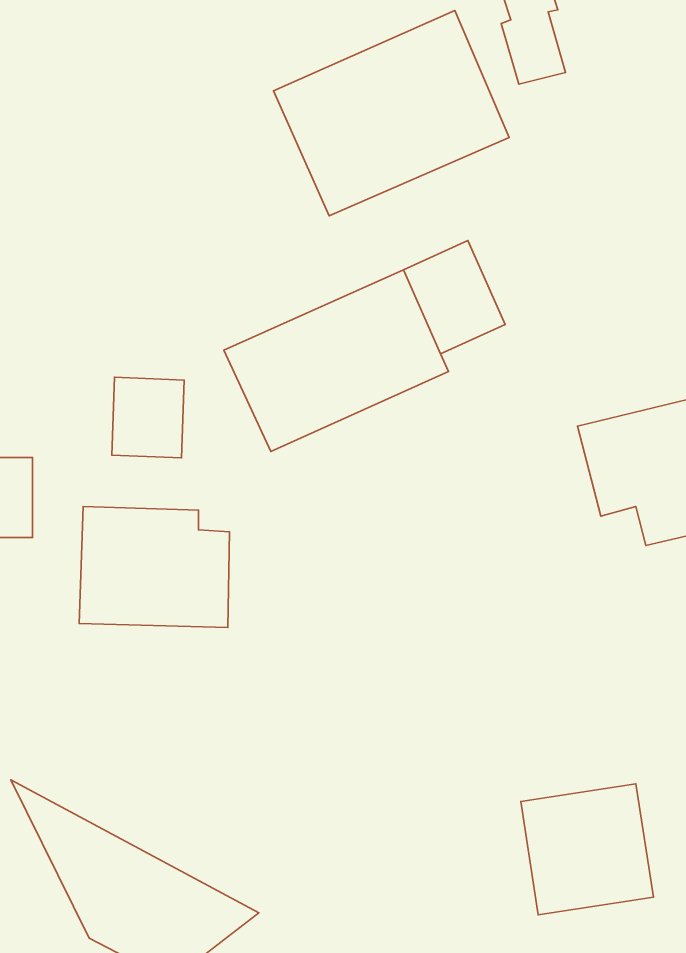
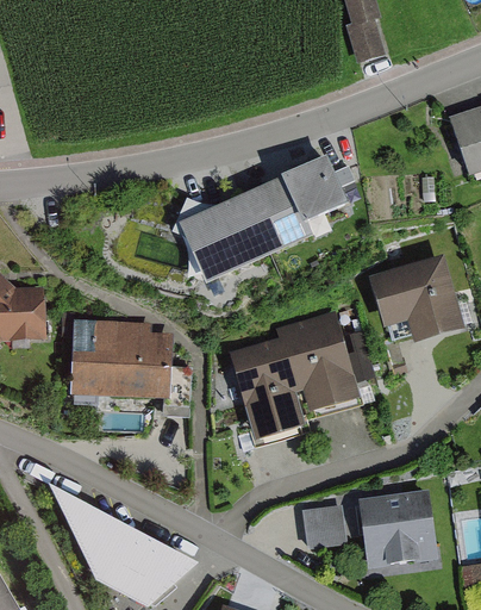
building: [274,11,509,216] -> none
building: [112,377,184,458] -> none
building: none -> [242,311,366,436]
building: none -> [289,503,336,548]

